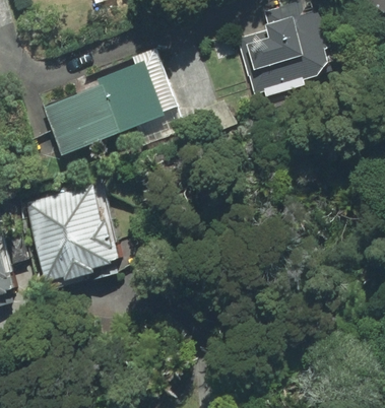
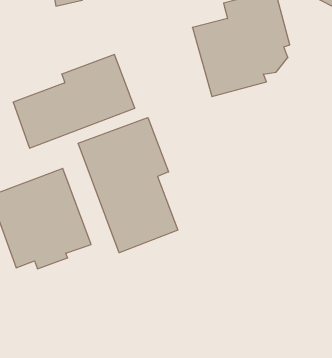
building: none -> [78,118,178,253]

